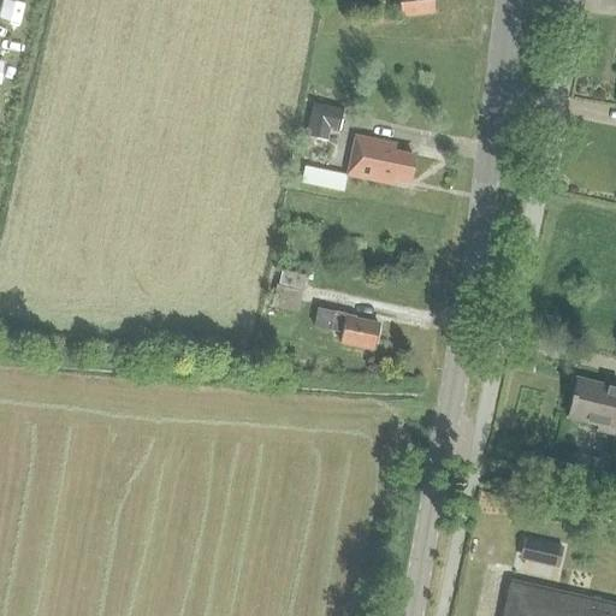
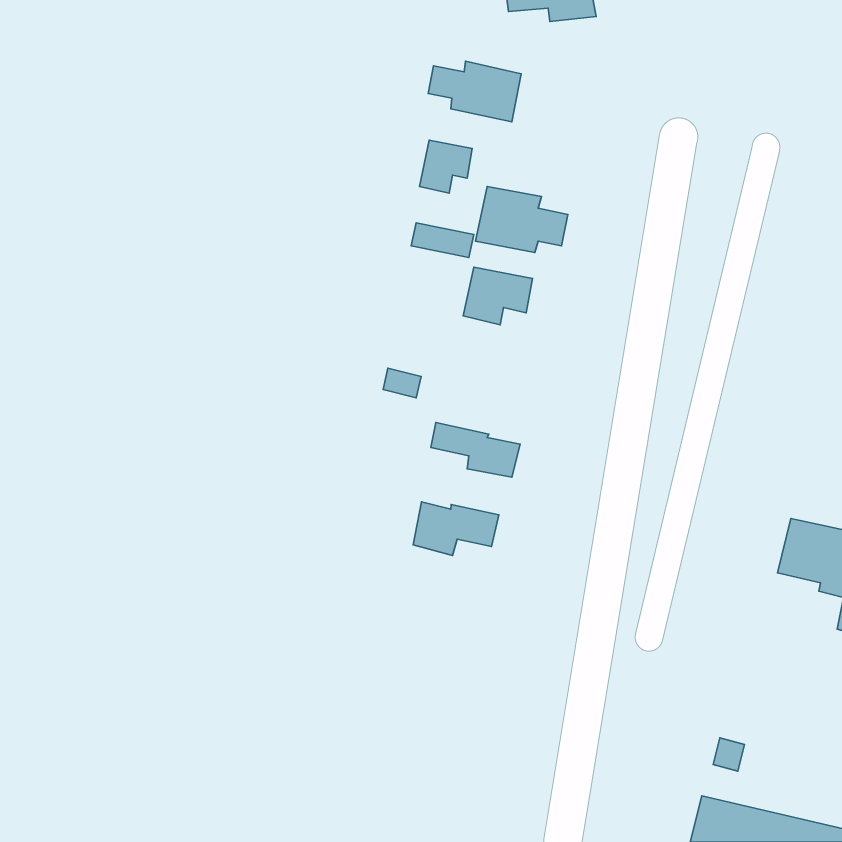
building: none -> [428,61,521,122]
building: none -> [463,267,532,325]
building: none -> [413,502,499,556]

